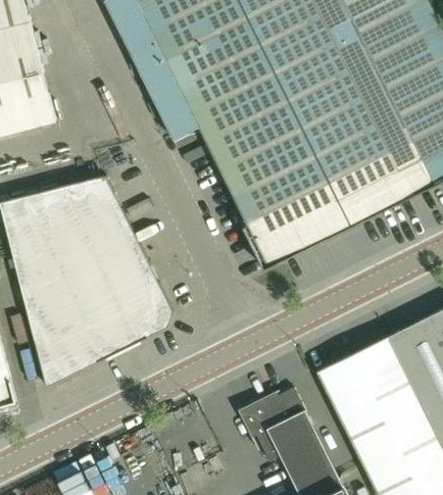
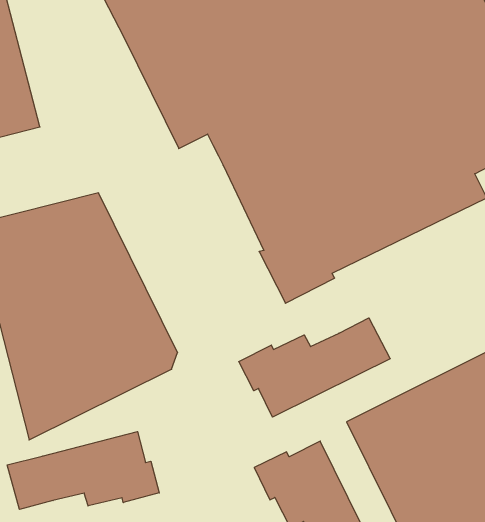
building: none -> [239,318,390,417]
building: none -> [7,432,159,509]

